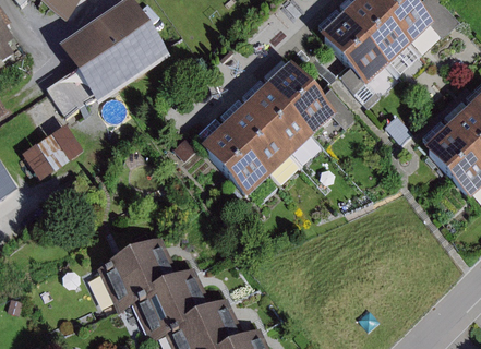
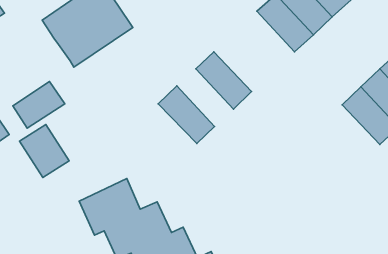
building: [266,62,335,132] -> none
building: [45,68,92,113] -> none
building: [221,105,290,174] -> none
building: none -> [19,124,69,178]

